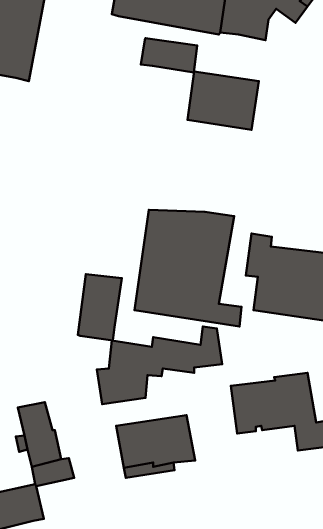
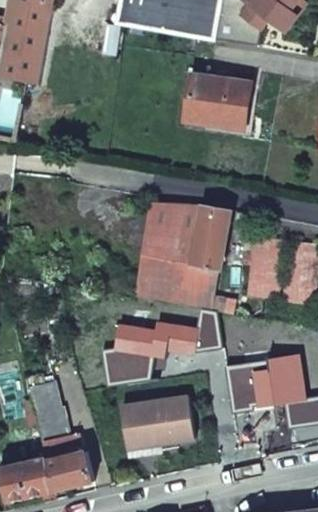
building: [141,38,197,73] -> none
building: [78,274,122,341] -> none
building: none -> [46,450,93,489]

